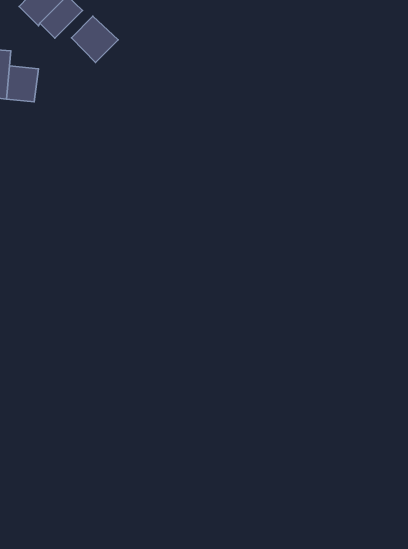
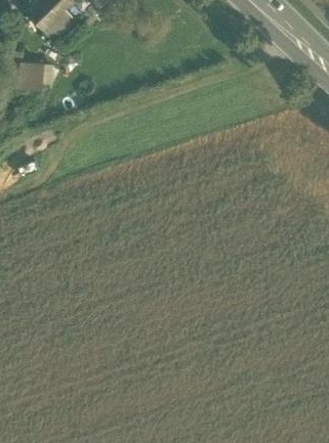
building: [72,16,118,62] -> none

